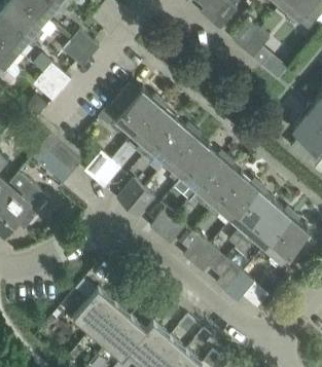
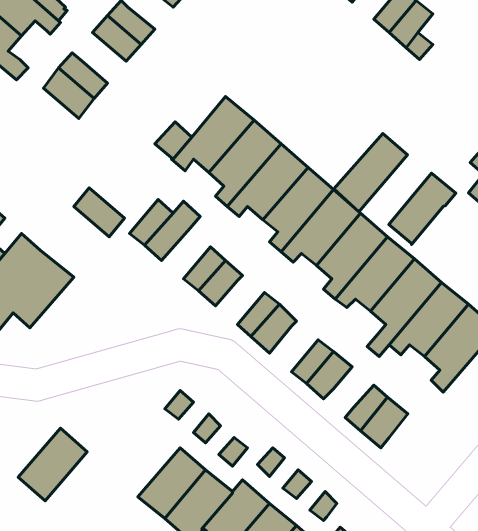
building: none -> [334,134,408,212]
building: none -> [389,173,456,245]
building: [73,288,115,332] -> [18,428,87,501]

